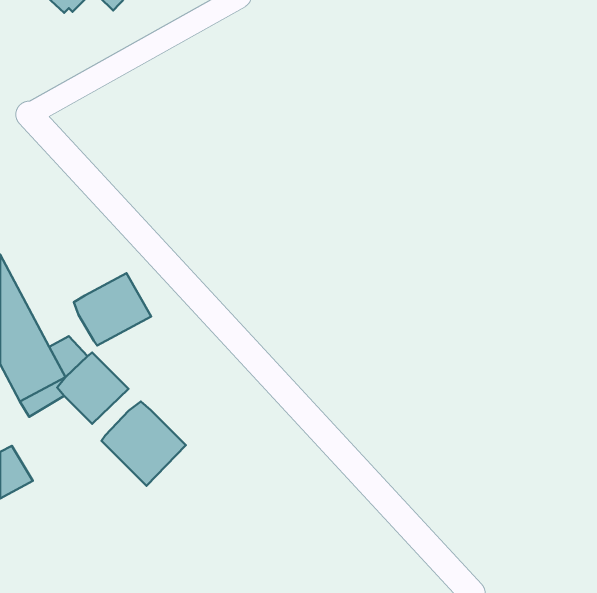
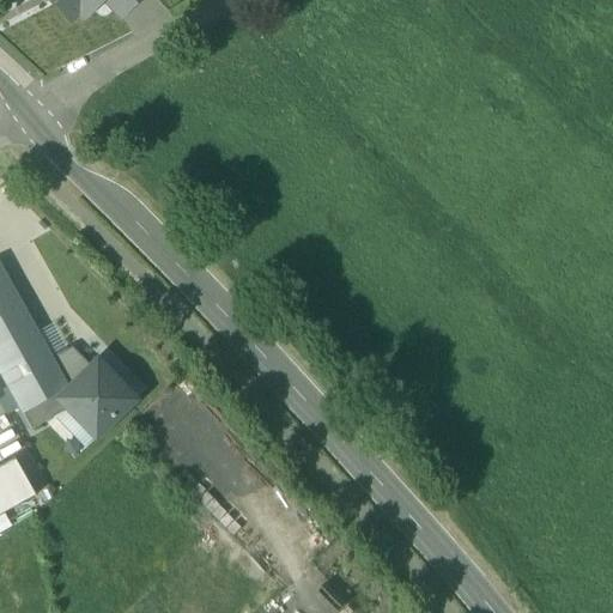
building: [74,273,151,345] -> none
building: [101,401,186,486] -> none

